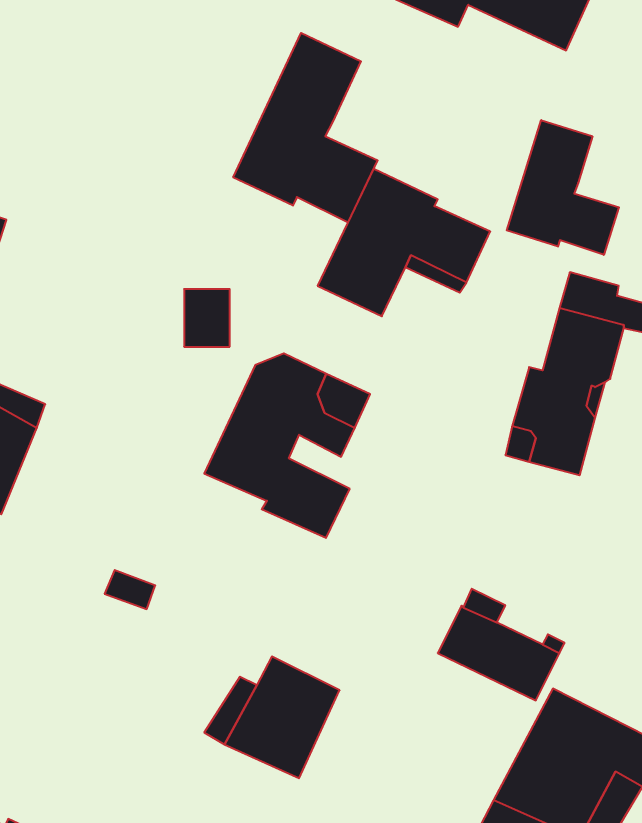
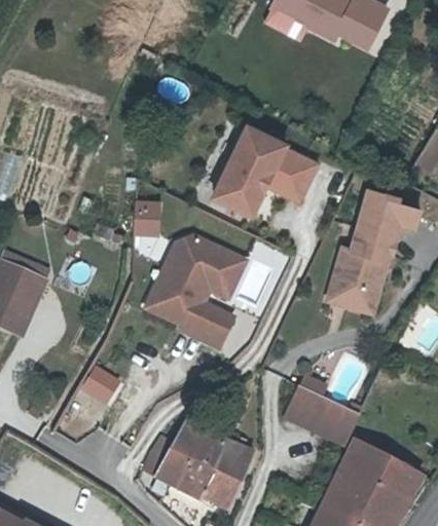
building: [233,33,378,223] -> none
building: [507,120,619,255] -> none
building: none -> [203,442,253,508]

